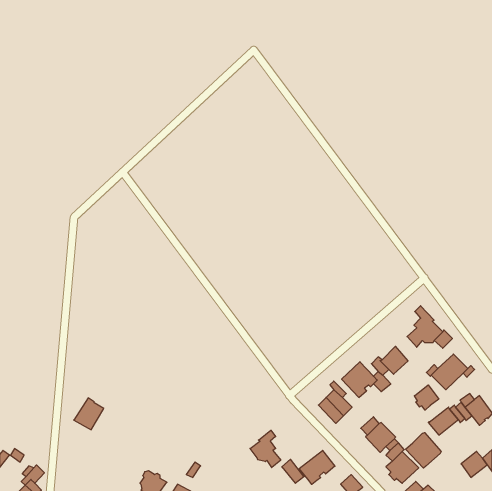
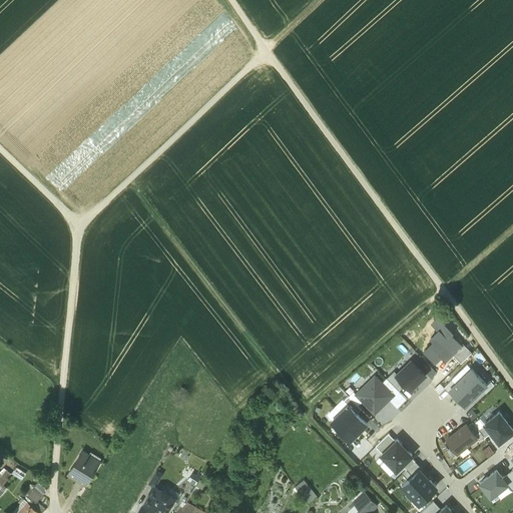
building: [414,385,439,410] -> none
building: [74,398,104,430] -> [66,454,97,487]
building: [250,430,281,468] -> none
building: [406,433,441,468] -> none
building: [299,450,335,484] -> none

